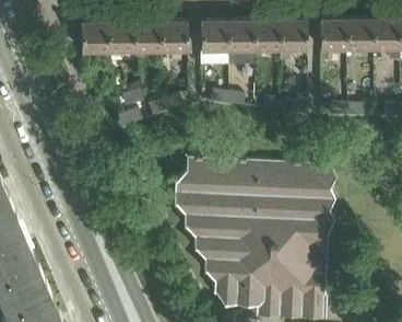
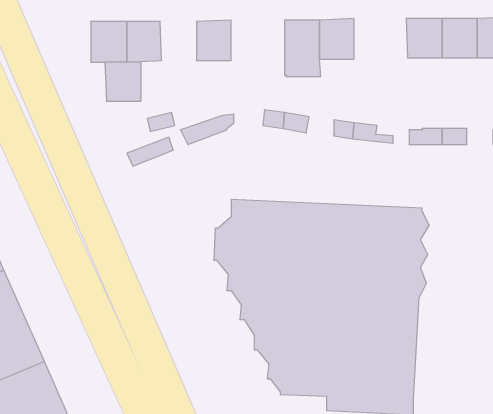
building: [279,21,306,61] -> none
building: [199,22,226,65] -> none
building: [132,23,159,53] -> [105,62,141,101]

